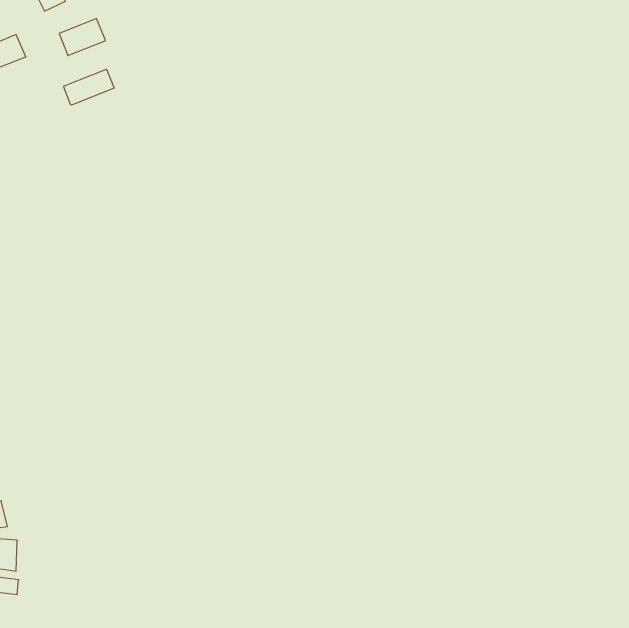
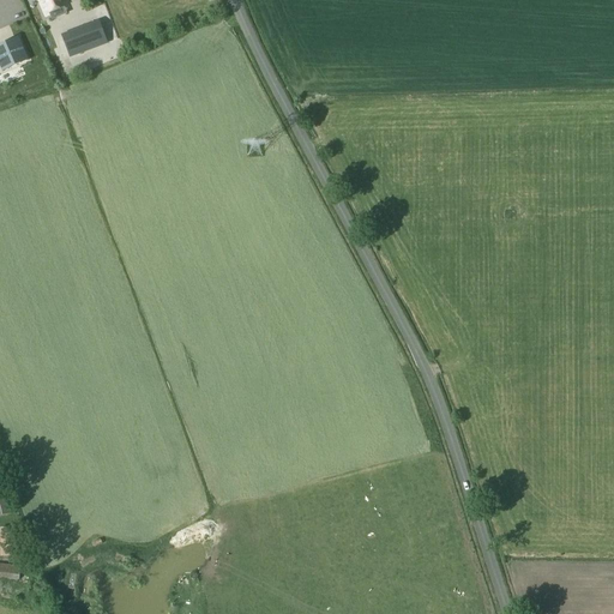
building: [64,69,114,105] -> none

